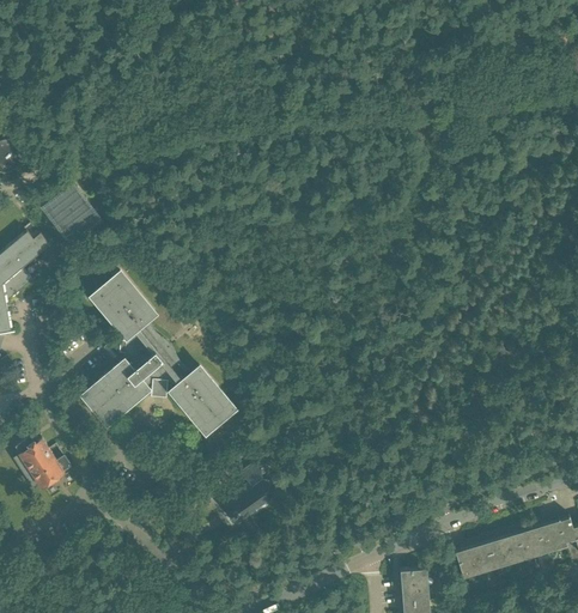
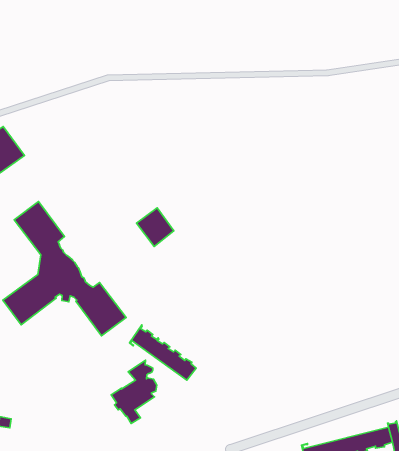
building: none -> [137,208,174,246]
building: none -> [129,325,196,380]

